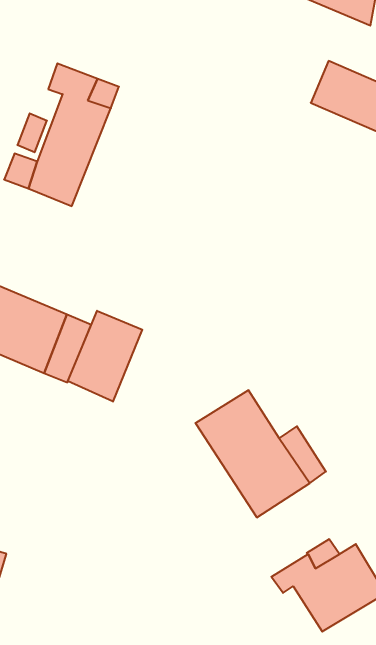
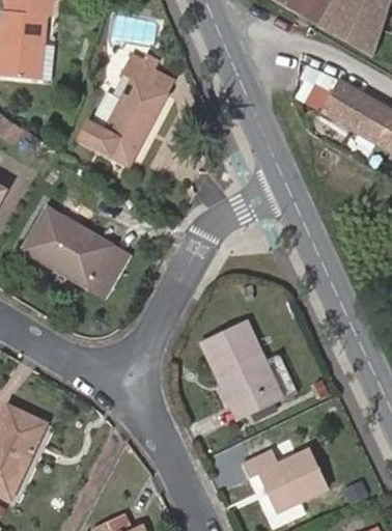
building: [68,311,142,402] -> none

